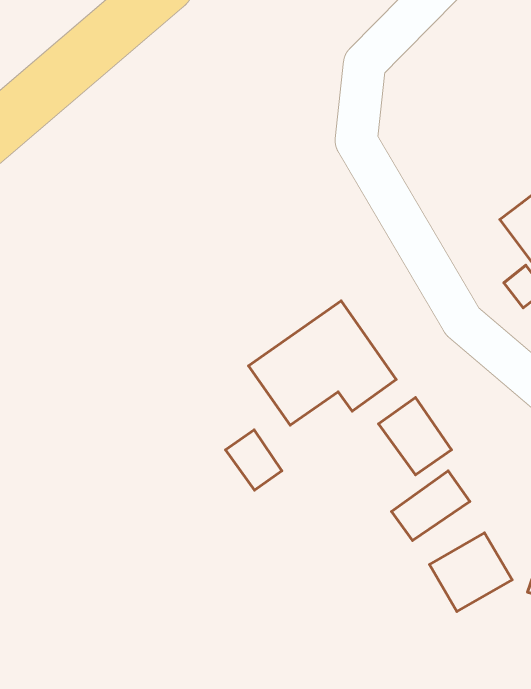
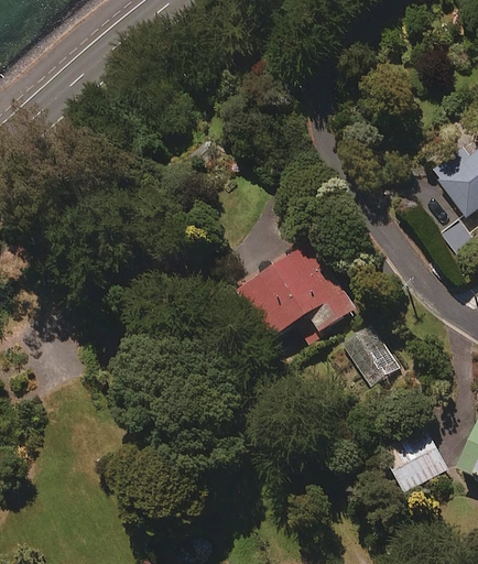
building: [225,430,282,490] -> none
building: [392,471,470,541] -> none

